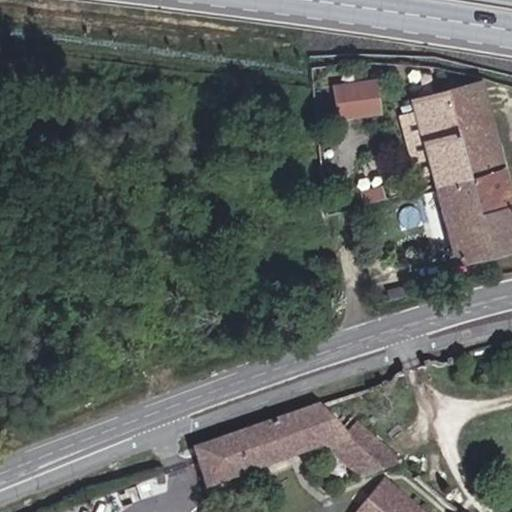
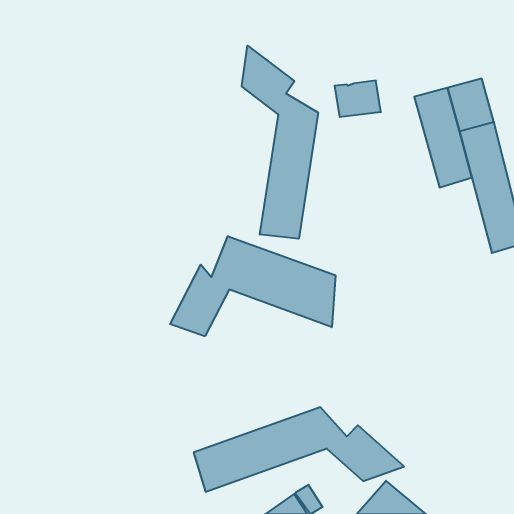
building: none -> [242,46,318,239]
building: [427,176,489,259] -> none
building: none -> [170,236,336,336]

